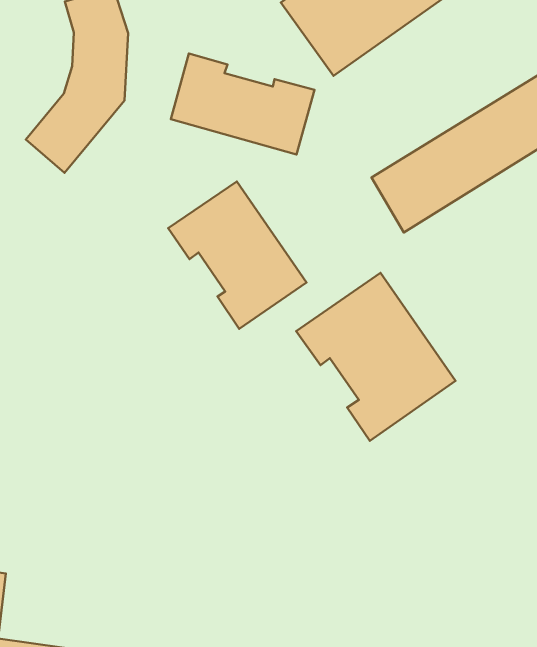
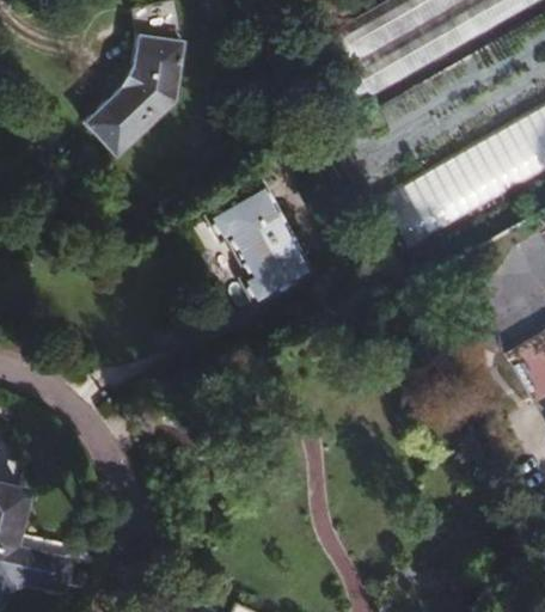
building: [171,53,315,155] -> none
building: [296,273,455,441] -> none

